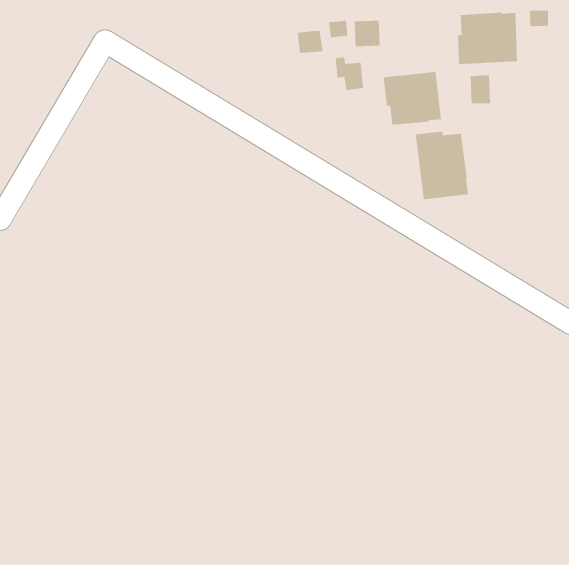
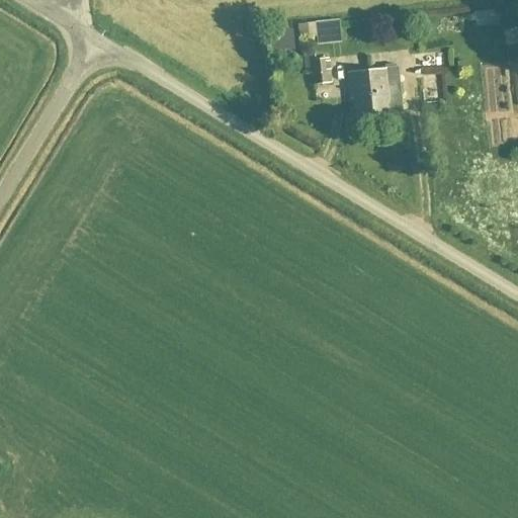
building: [457,12,518,65] -> none
building: [415,131,468,200] -> none

